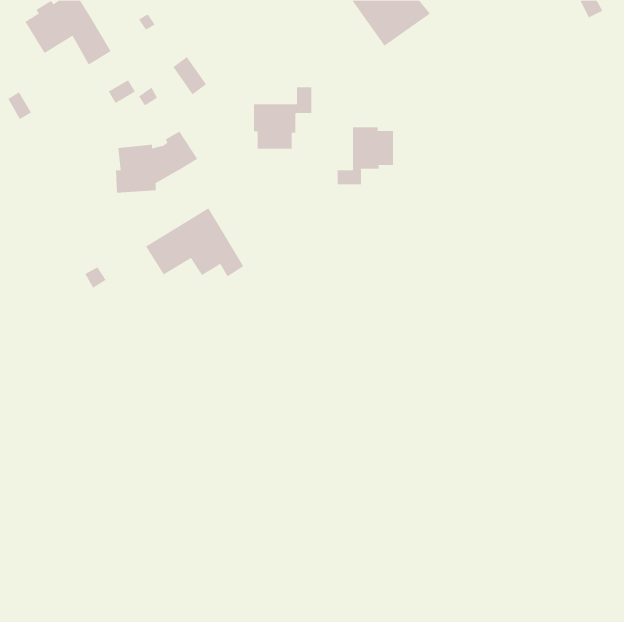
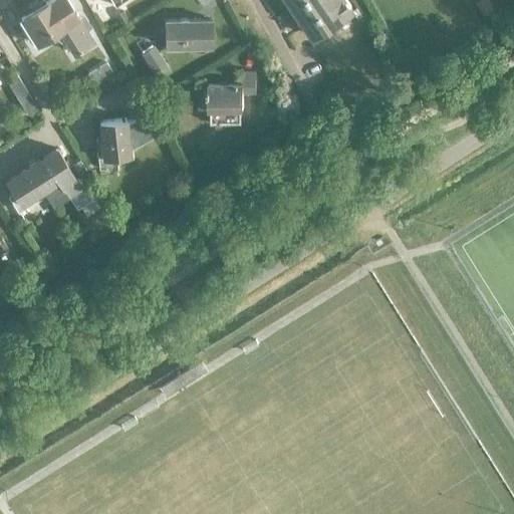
building: none -> [164,21,212,49]
building: [337,127,393,185] -> none
building: [145,207,244,277] -> [5,150,86,207]

